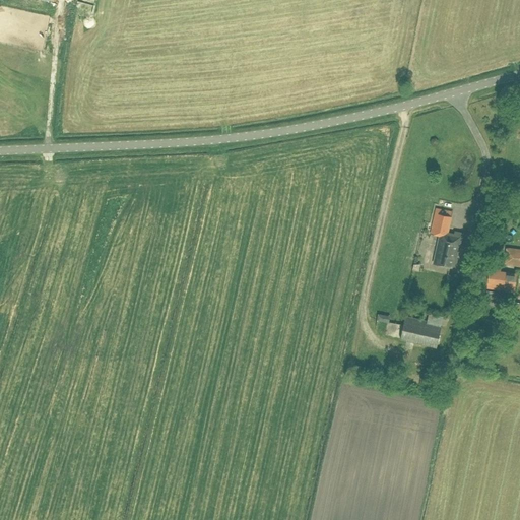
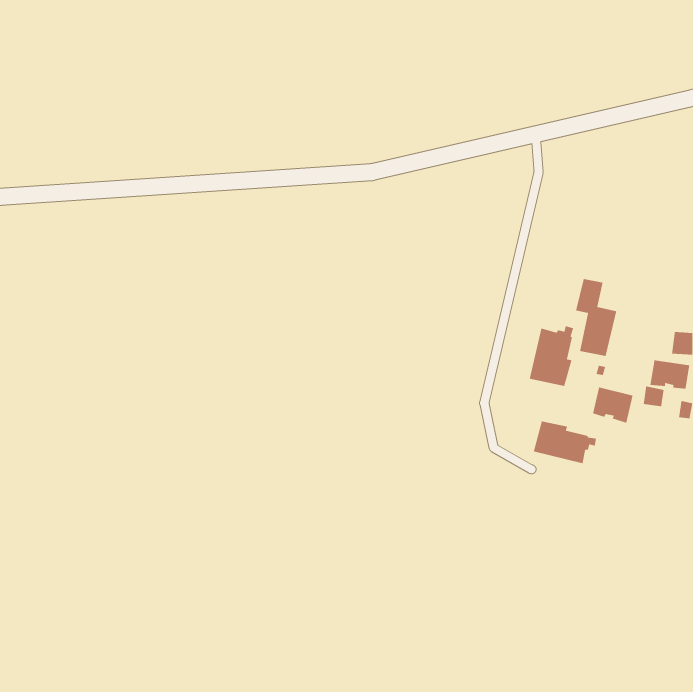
building: none -> [529,325,574,387]
building: none -> [592,386,634,424]

